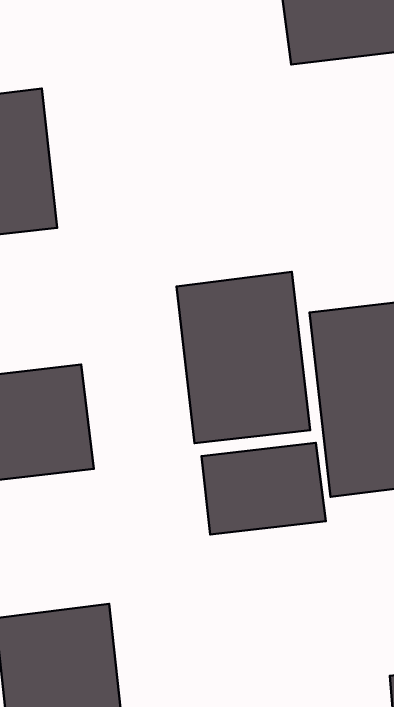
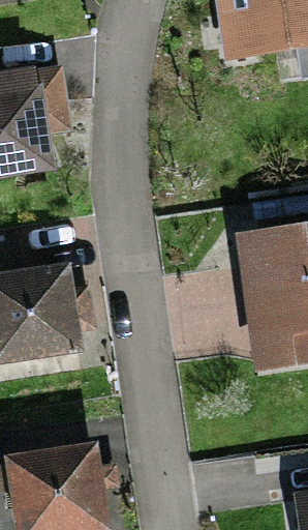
building: [177,272,310,443] -> none
building: [202,443,326,534] -> none

